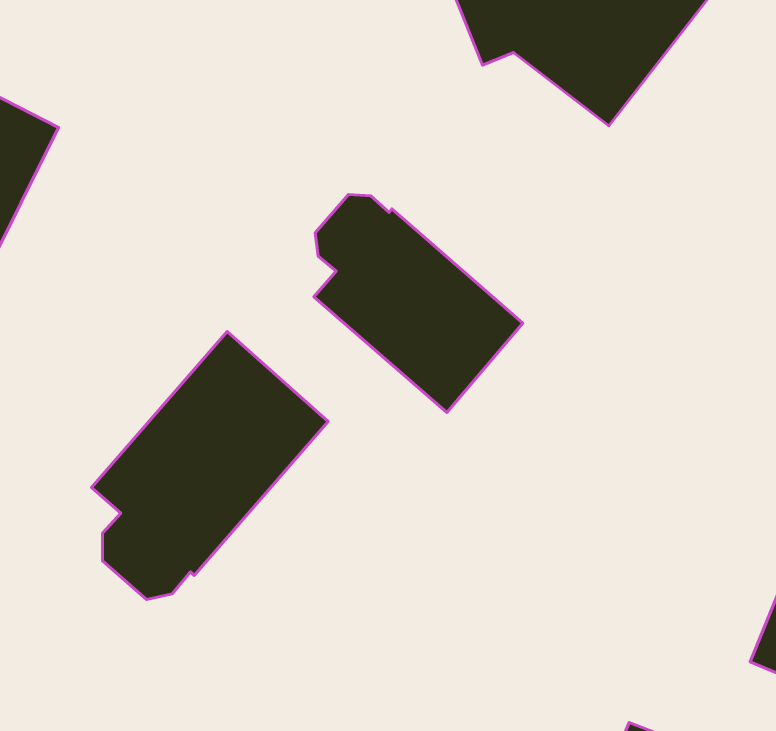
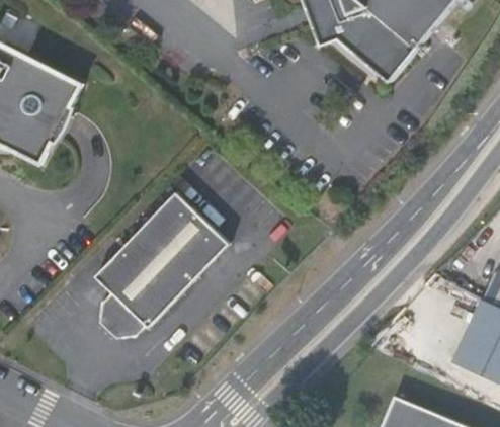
building: [314,194,523,413] -> none

